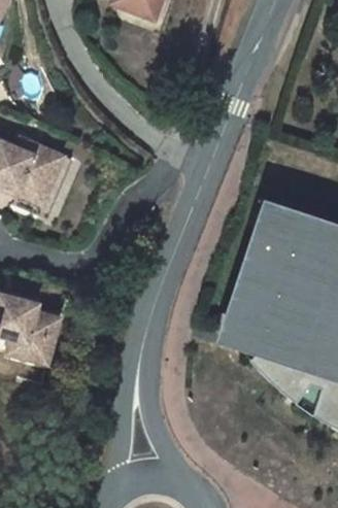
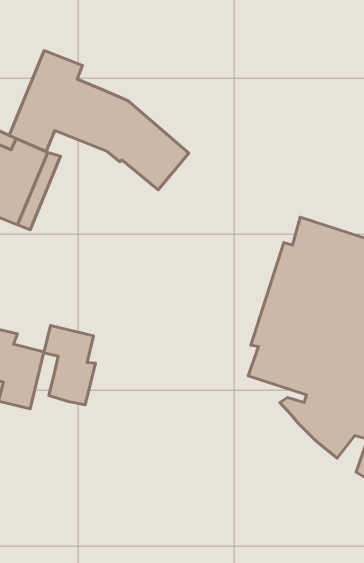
building: none -> [9,50,189,190]
building: none -> [44,325,95,405]

